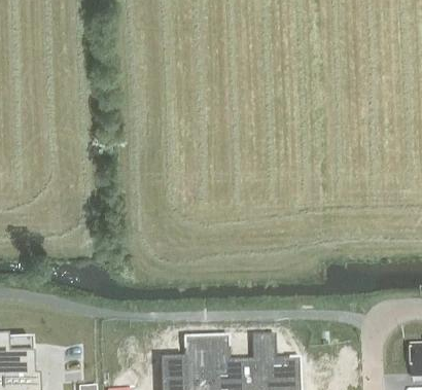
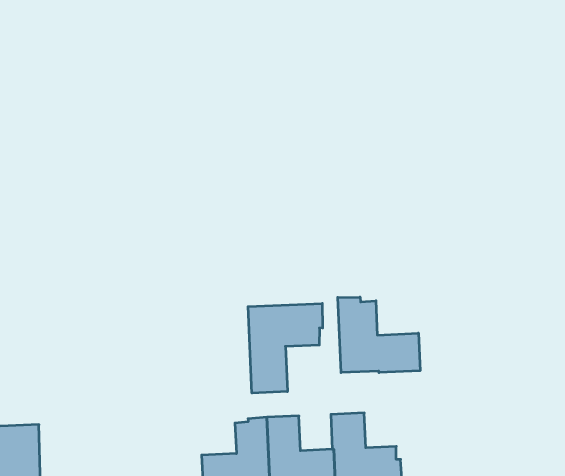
building: none -> [338,297,420,373]
building: none -> [248,303,323,393]

